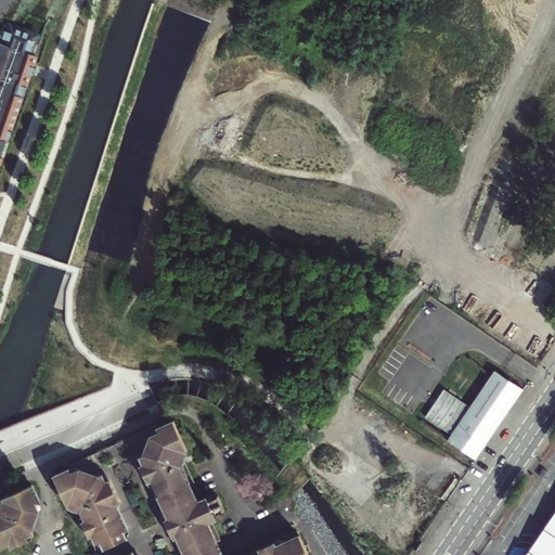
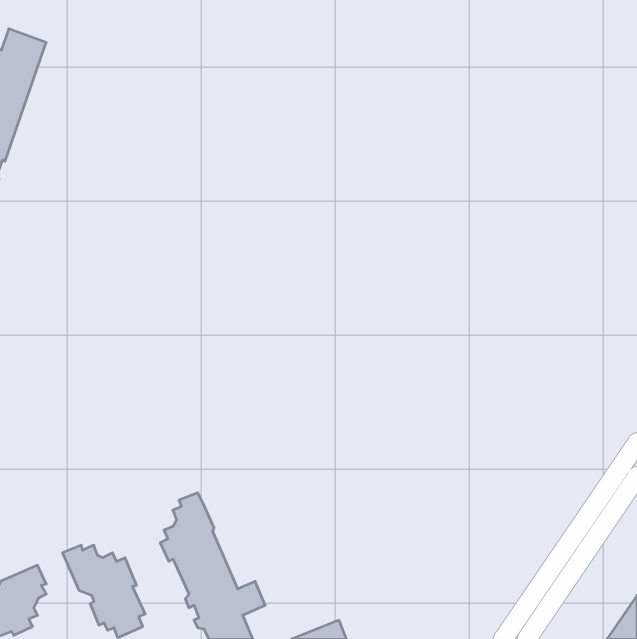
building: [422,367,522,460] -> none

